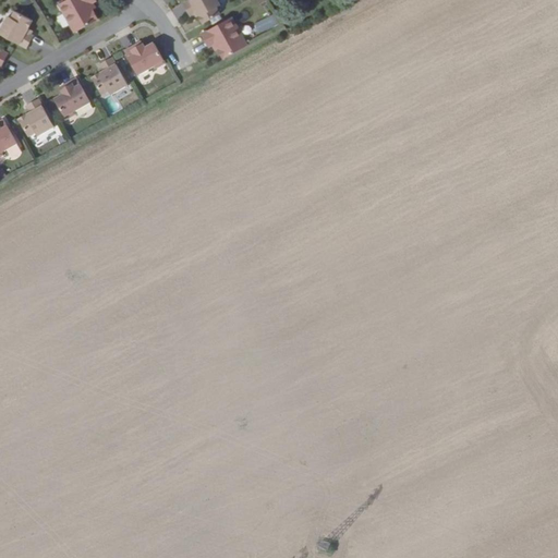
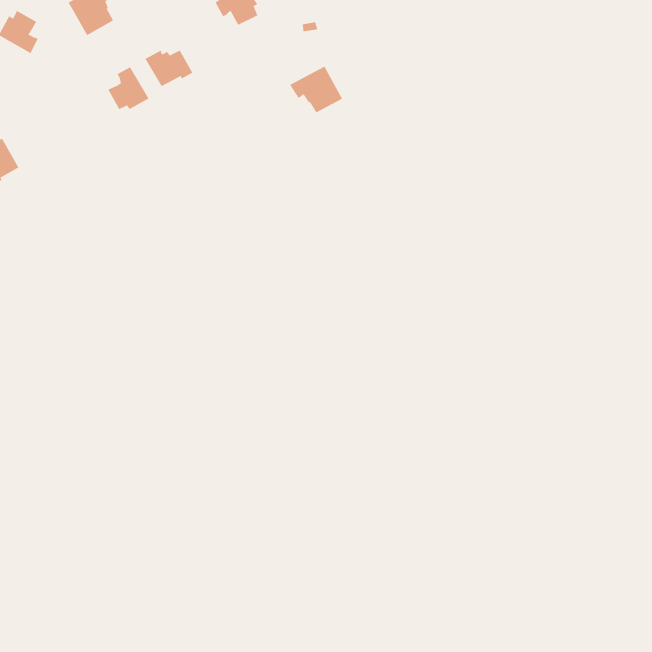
building: [201,16,246,57] -> [289,66,343,113]
building: [54,76,89,118] -> none
building: [19,98,53,135] -> none

